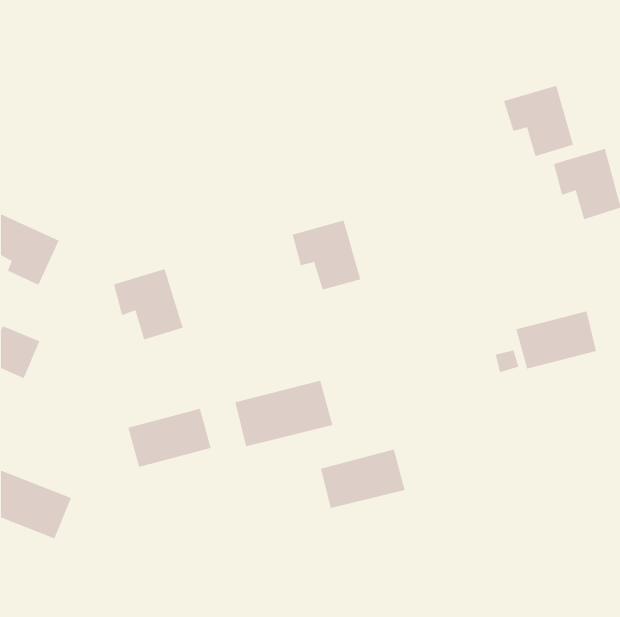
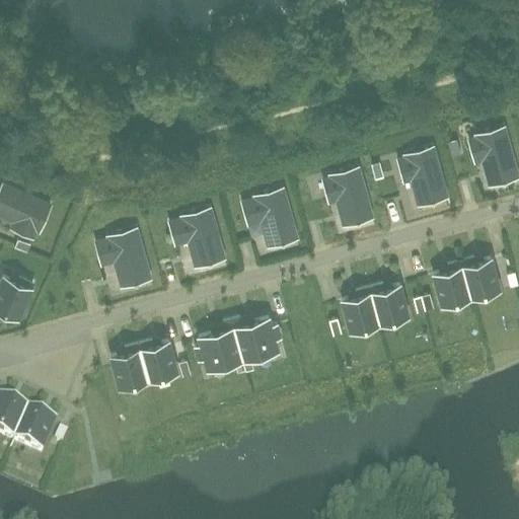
building: [503,85,574,157] -> [388,150,447,210]
building: none -> [317,169,375,228]
building: none -> [171,208,230,267]
building: [320,449,405,508] -> [338,283,409,332]

